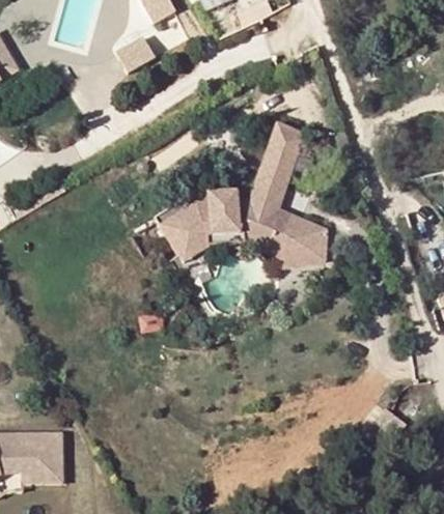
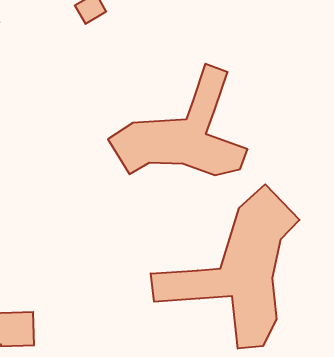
building: none -> [151,184,300,349]

